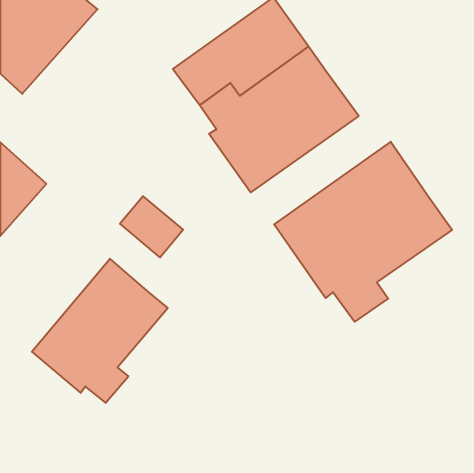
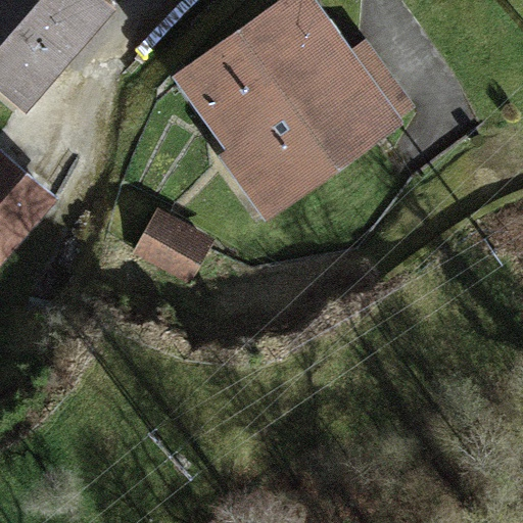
building: [274,142,452,322] -> none
building: [32,259,168,403] -> none

